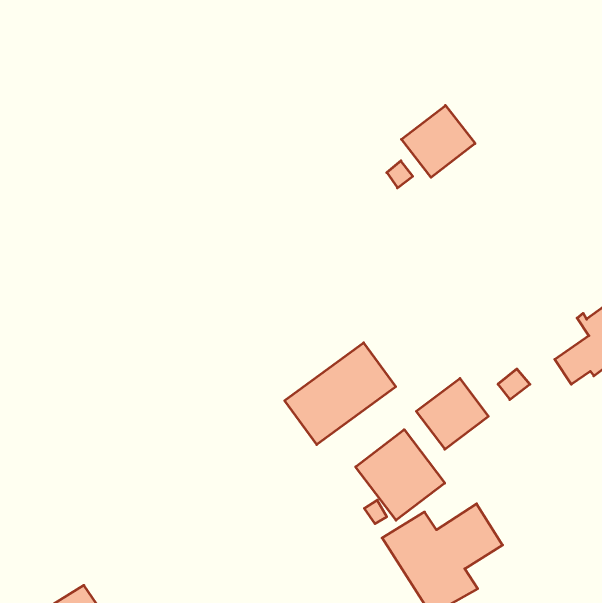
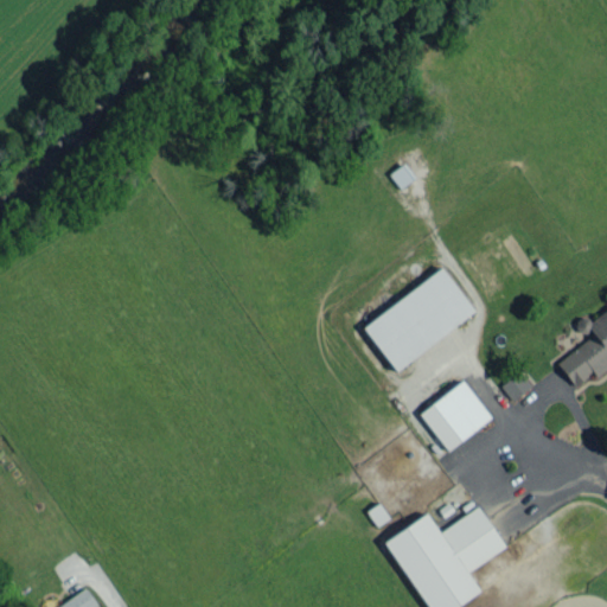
building: [401,105,475,177] -> none
building: [285,343,396,445] -> [364,268,475,370]
building: [356,430,445,520] -> none

